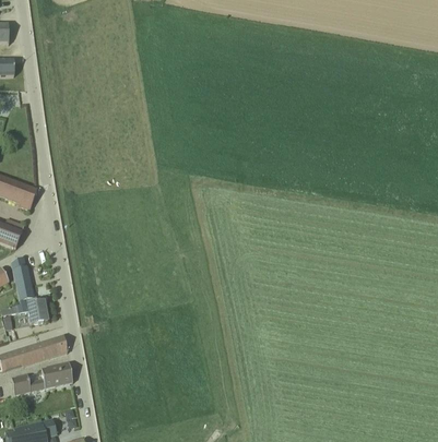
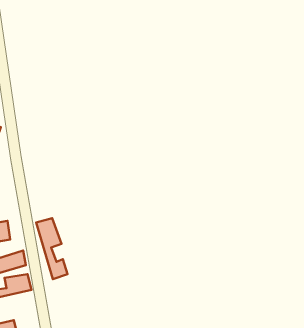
building: none -> [36,218,67,279]

